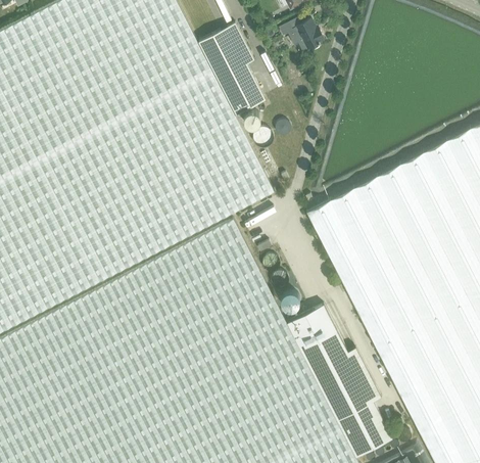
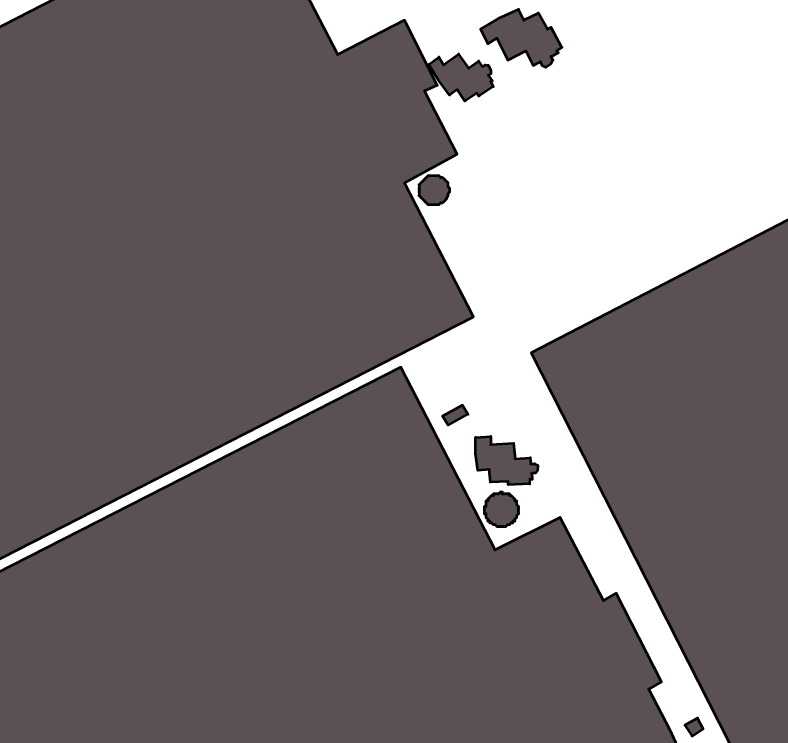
building: none -> [429,54,493,101]
building: none -> [476,436,538,485]

